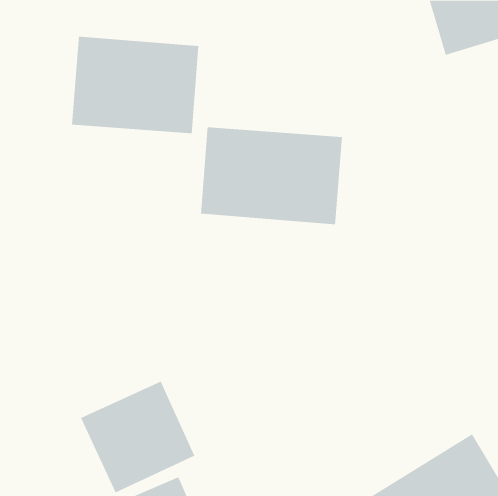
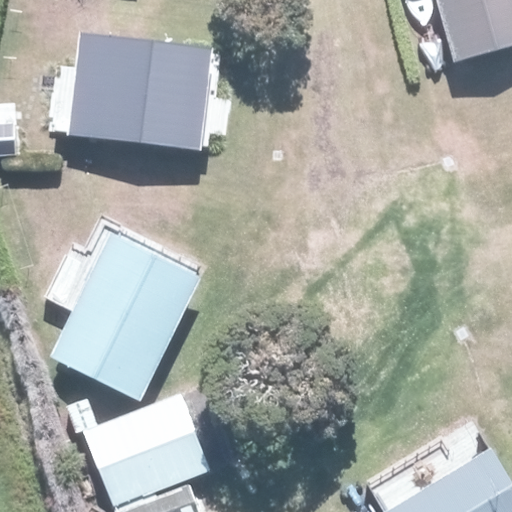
building: [201,127,342,225] -> none
building: none -> [51,232,201,400]

